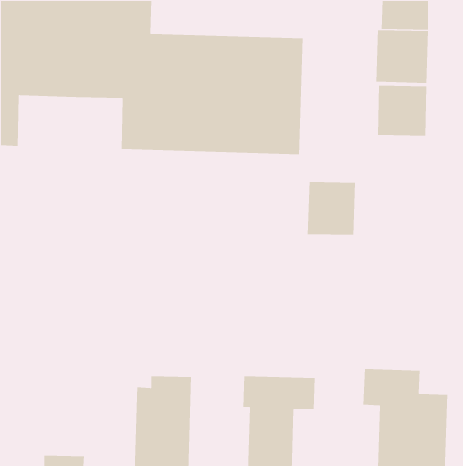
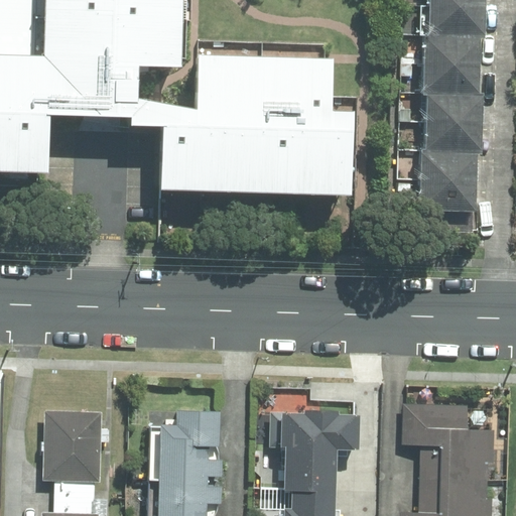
building: [307,181,356,236] -> [419,155,473,215]
building: none -> [44,417,104,502]

